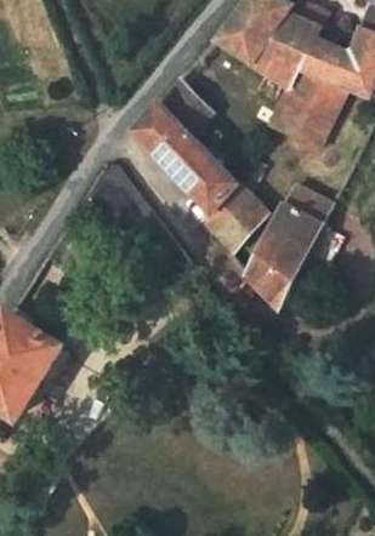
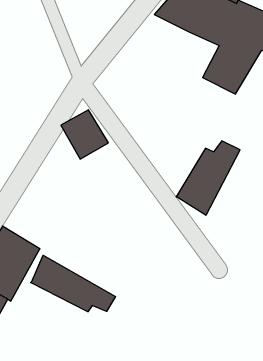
building: [138,74,265,247] -> none
building: none -> [31,255,116,312]

